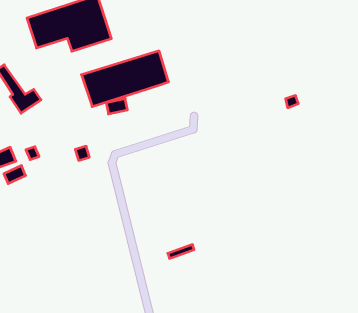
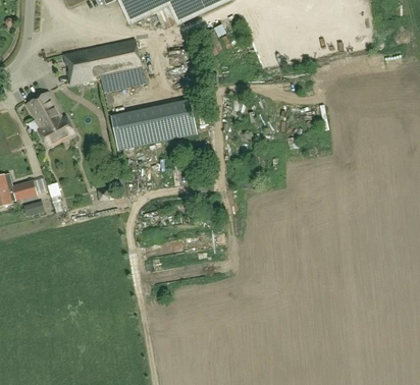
building: none -> [35,92,74,138]

